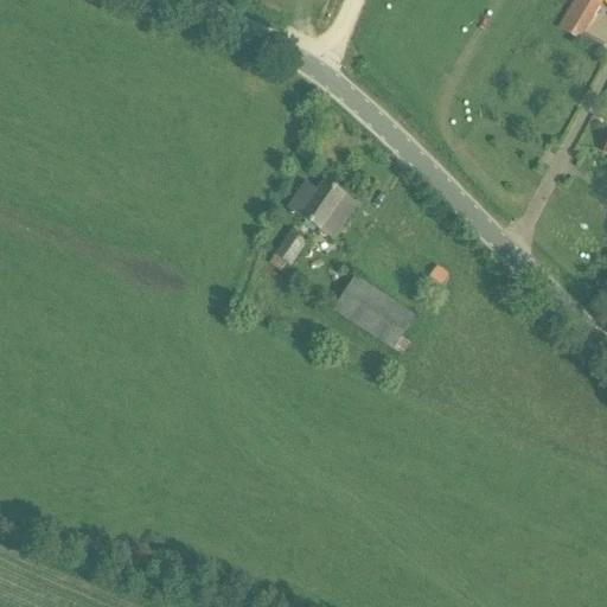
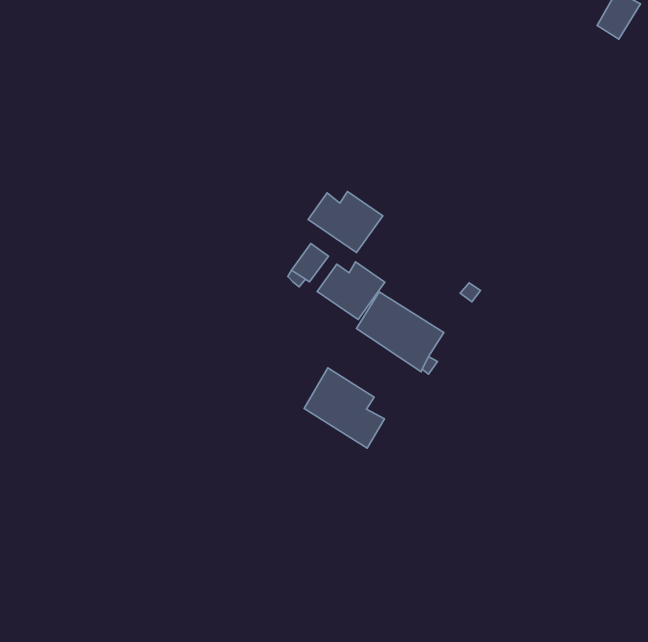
building: none -> [317,262,385,320]
building: none -> [304,368,385,448]

